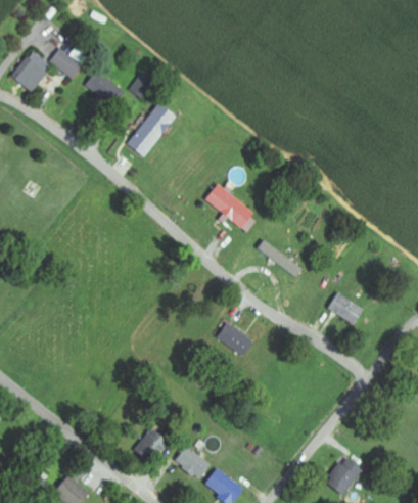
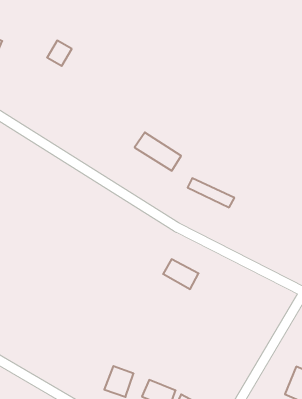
building: [83,70,119,103] -> none
building: [128,101,176,157] -> none
building: [326,292,365,325] -> none

